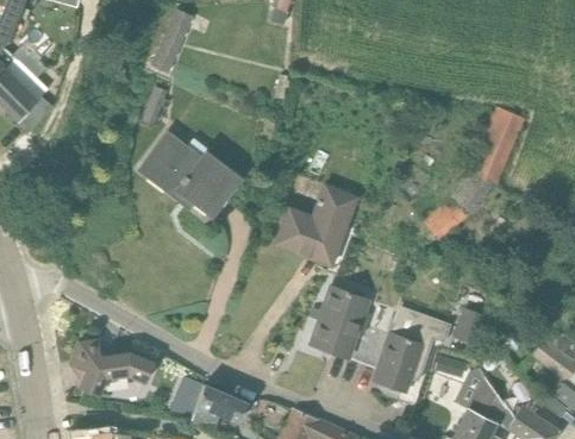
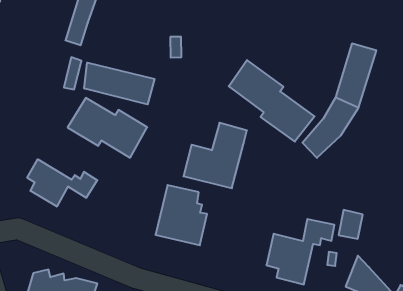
building: none -> [84,63,155,104]
building: none -> [229,60,315,142]
building: none -> [27,159,97,207]
building: [310,286,375,363] -> [155,185,207,245]

